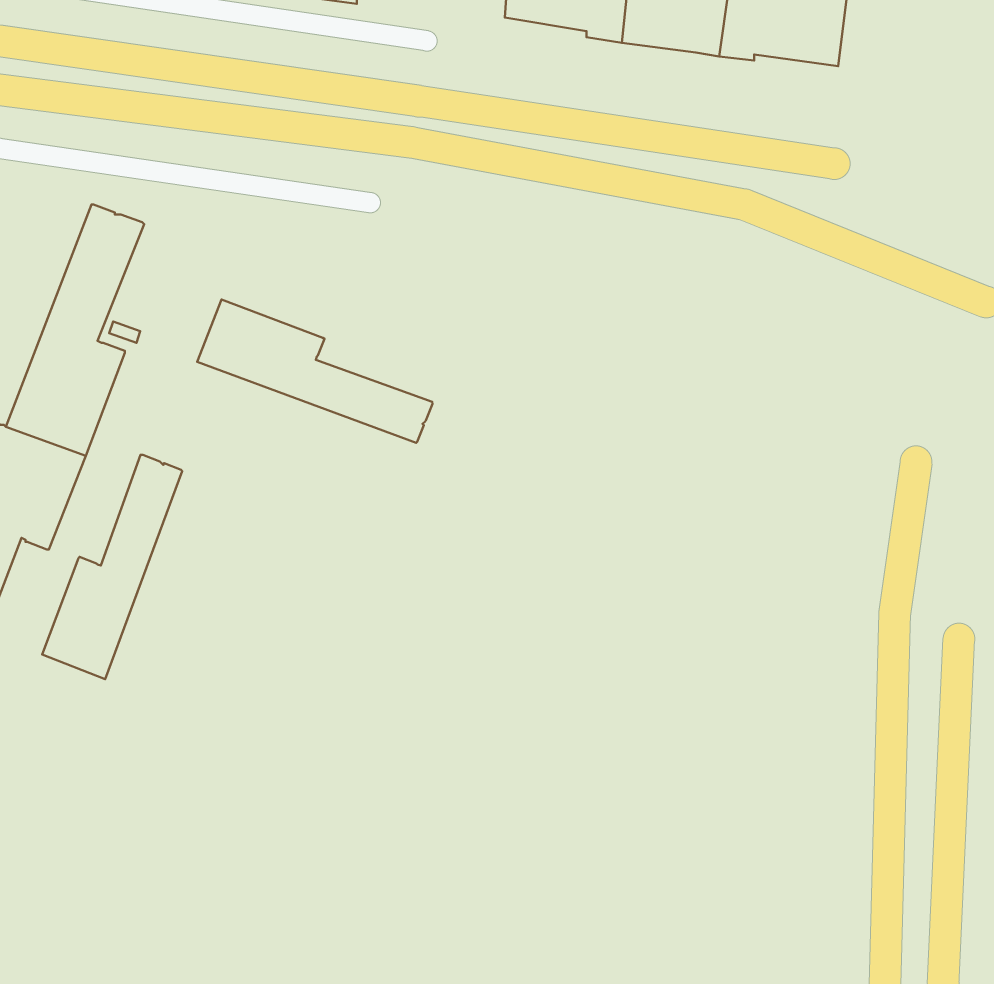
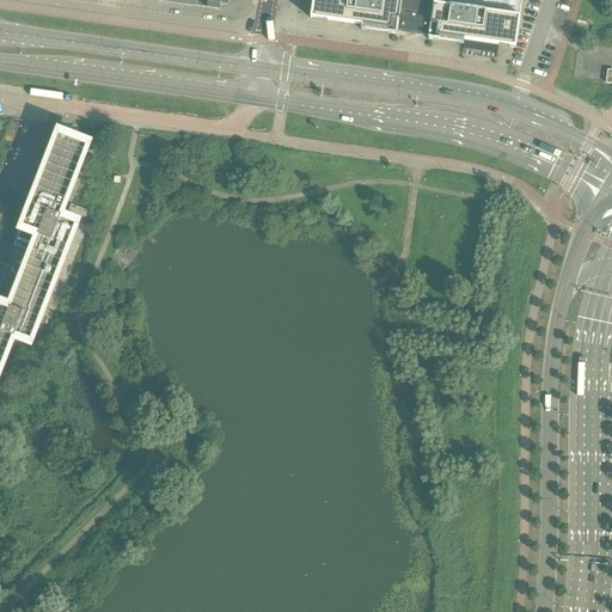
building: [197,299,432,443] -> none
building: [42,455,182,679] -> none

